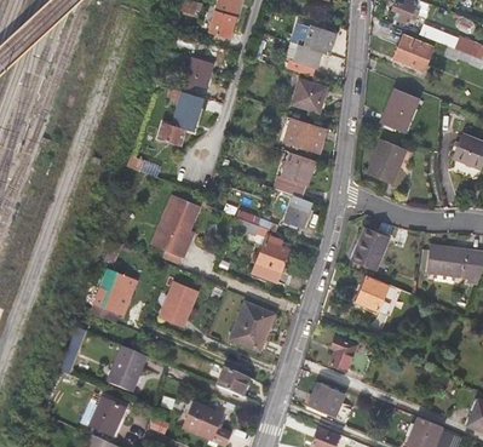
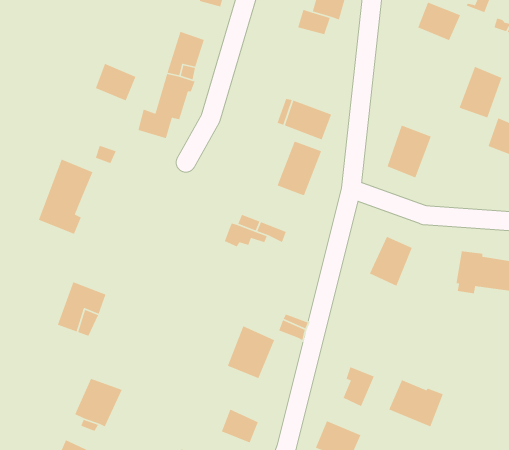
building: [288,75,323,110] -> none
building: [378,85,414,128] -> [458,66,502,118]
building: none -> [95,63,136,102]
building: [151,194,197,257] -> [38,159,93,235]
building: [284,195,315,228] -> none
building: [251,237,287,285] -> none
building: [355,277,401,317] -> [388,379,444,428]
building: [157,280,196,326] -> none

